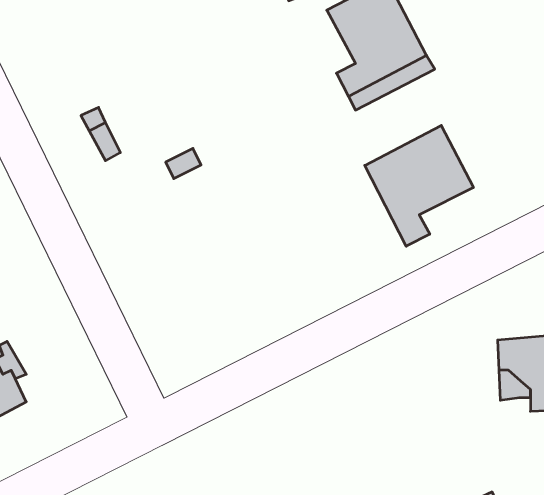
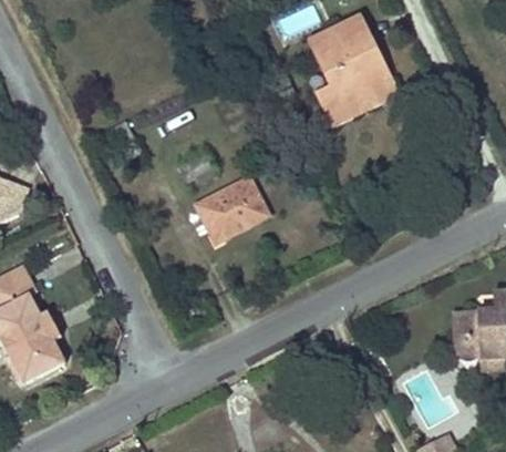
building: [365,125,473,246] -> none
building: none -> [196,177,269,243]

